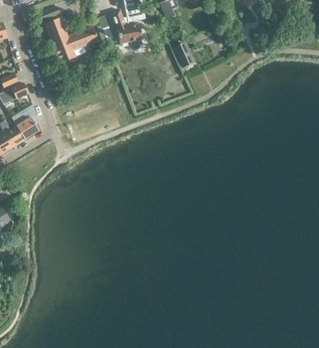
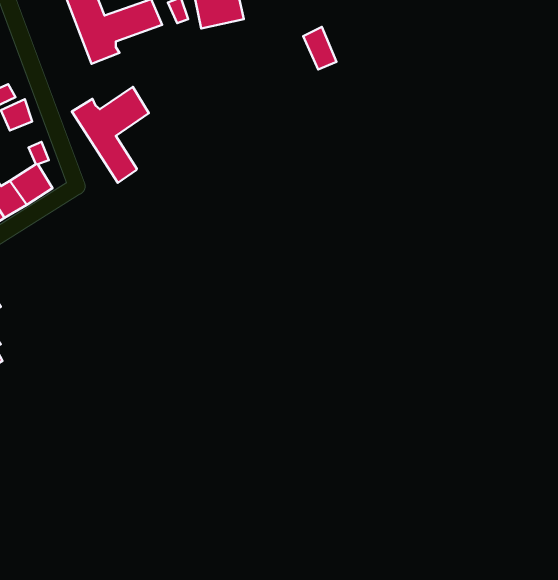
building: none -> [72,87,149,183]

